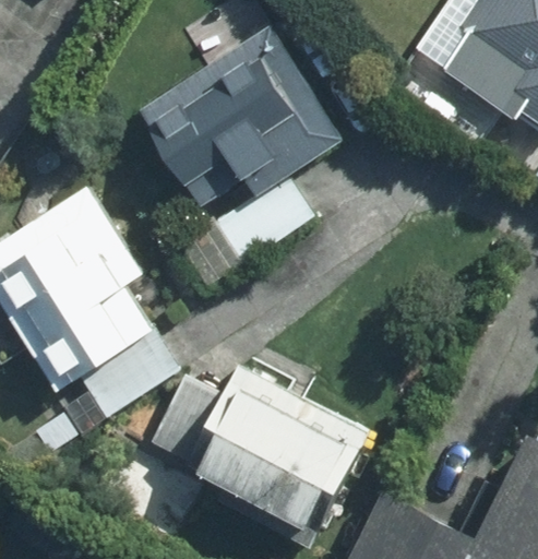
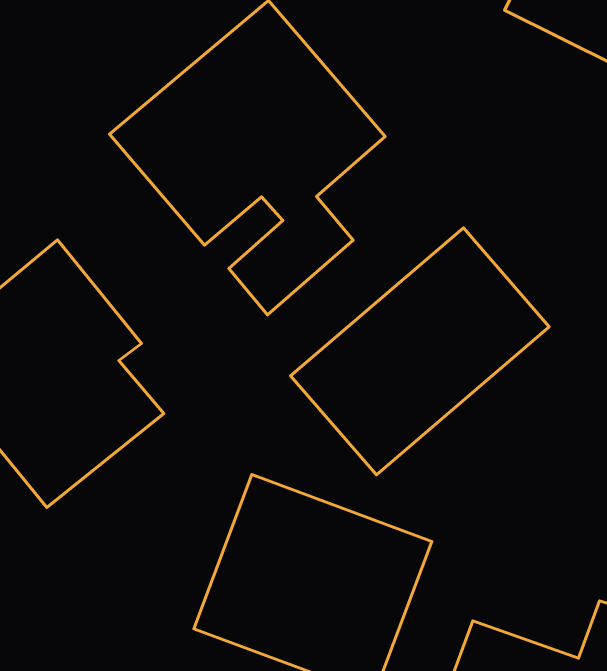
building: none -> [291,228,549,475]

